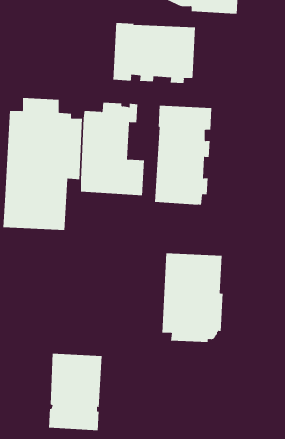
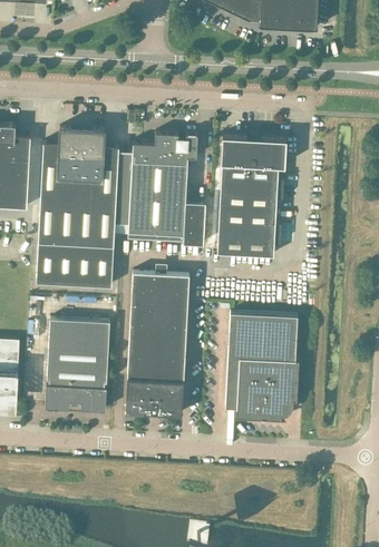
building: [113,22,195,84] -> none
building: none -> [125,272,190,416]
building: [48,353,102,431] -> [45,319,109,411]

